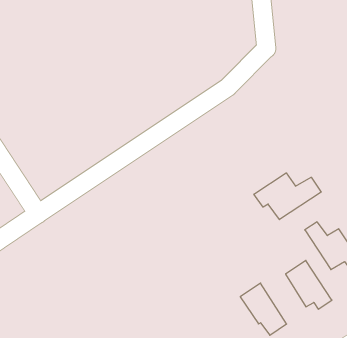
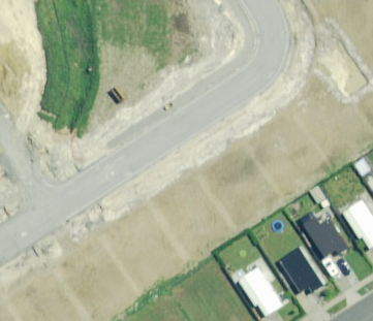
building: [254,173,321,220] -> none

